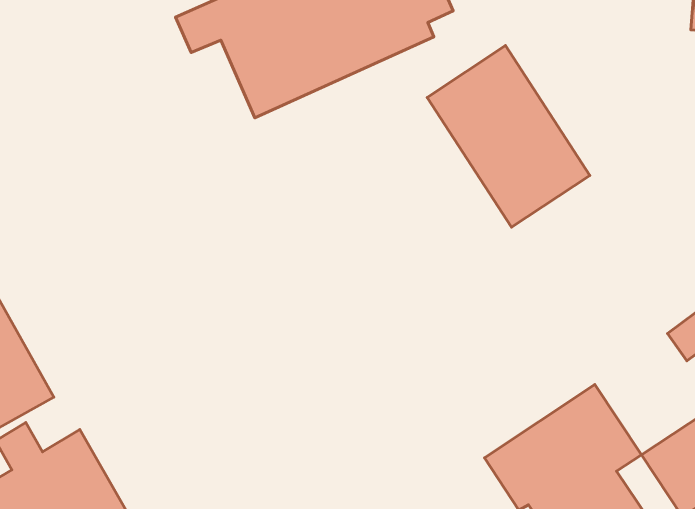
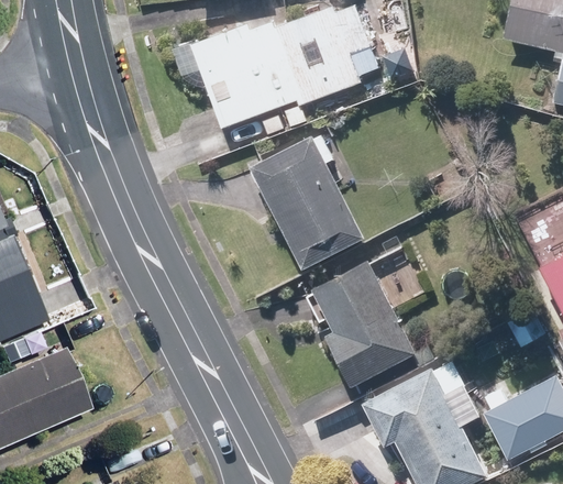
building: [427,46,590,227] -> [251,133,365,268]
building: none -> [307,261,417,385]

